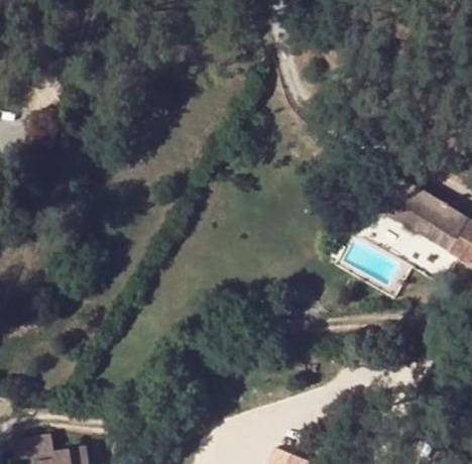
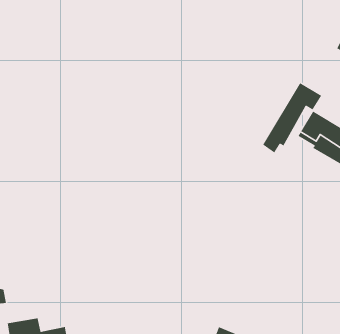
building: none -> [262,82,322,153]

